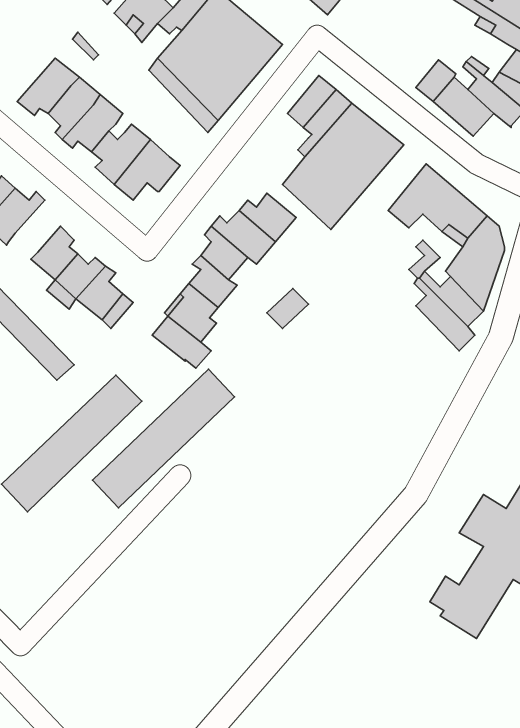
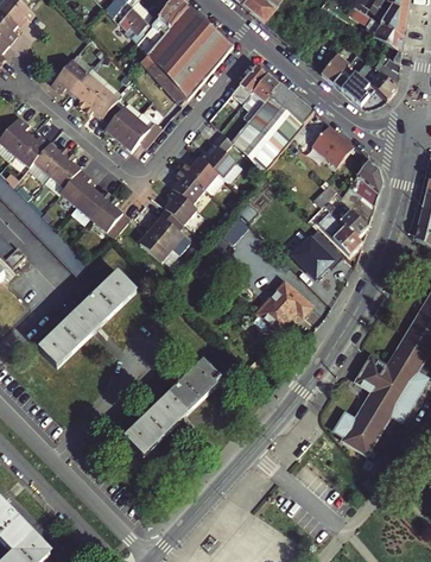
building: none -> [44,150,80,190]
building: none -> [293,229,344,278]
building: [92,369,235,508] -> [125,359,222,454]
building: none -> [260,283,313,329]

